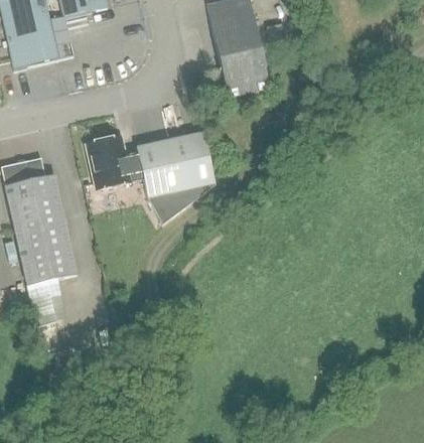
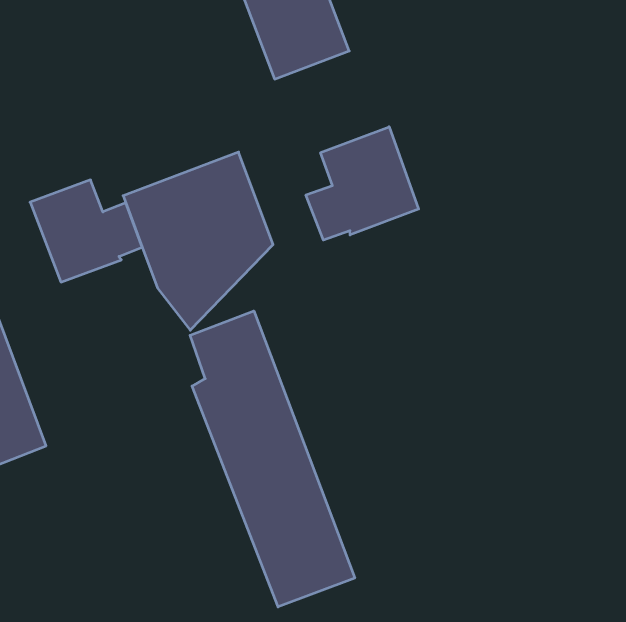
building: none -> [306,127,419,240]
building: none -> [190,311,355,607]

